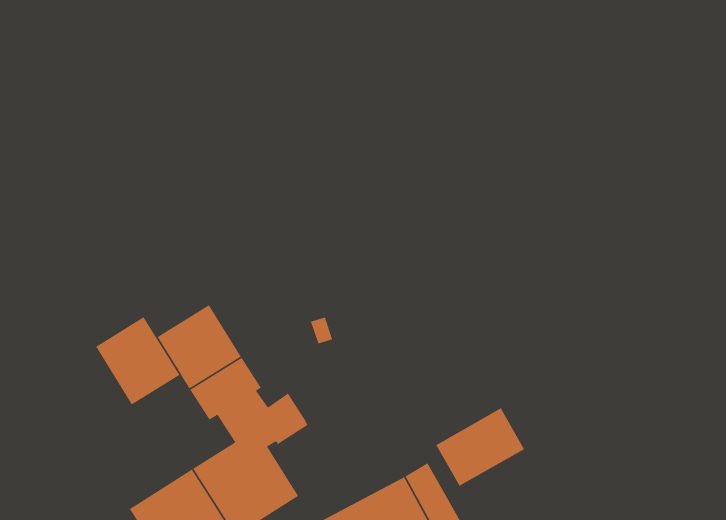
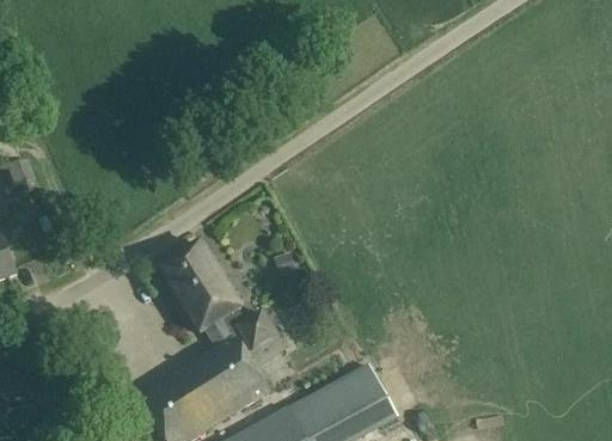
building: [95,316,180,405] -> none
building: [435,407,525,487] -> none

